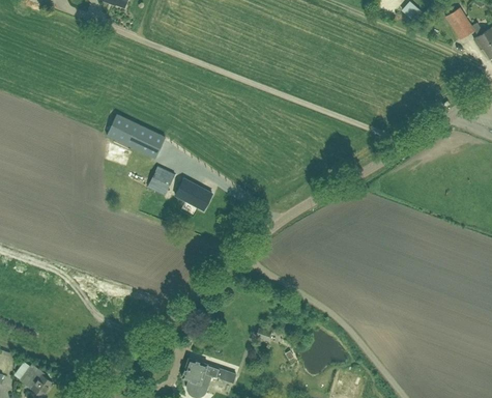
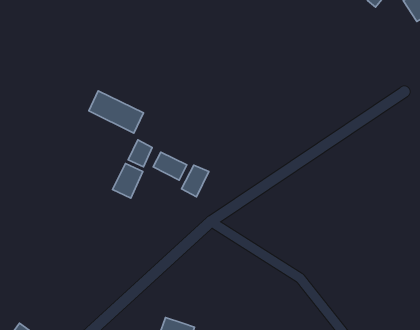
building: none -> [112,164,143,198]
building: none -> [182,165,209,197]

